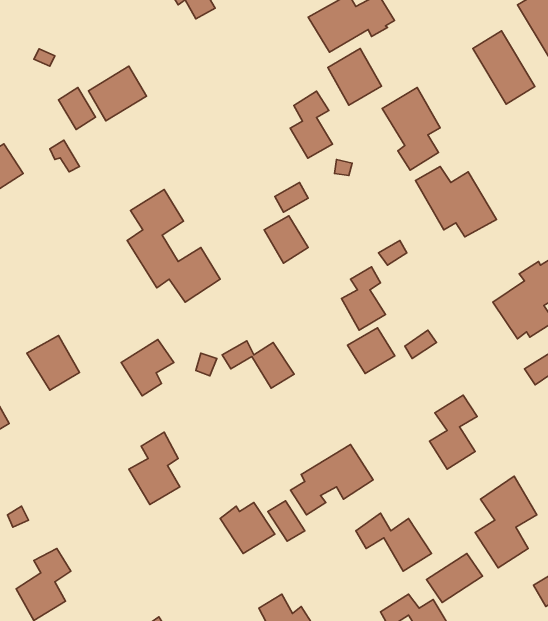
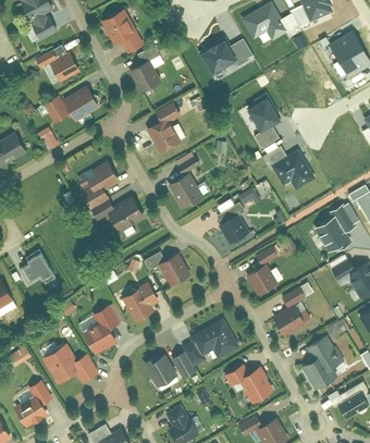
building: none -> [37,50,77,81]
building: none -> [133,53,159,96]
building: [473,31,535,104] -> none
building: [328,49,381,105] -> none
building: [290,91,332,158] -> [153,111,180,152]
building: [347,328,395,373] -> [248,266,278,294]
building: [121,340,174,396] -> [126,287,159,322]
building: none -> [45,353,91,385]
building: [427,553,482,602] -> none

